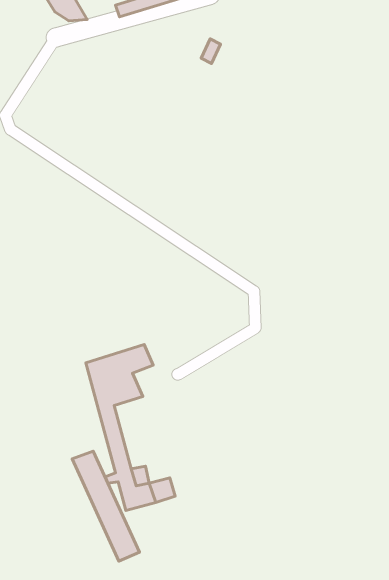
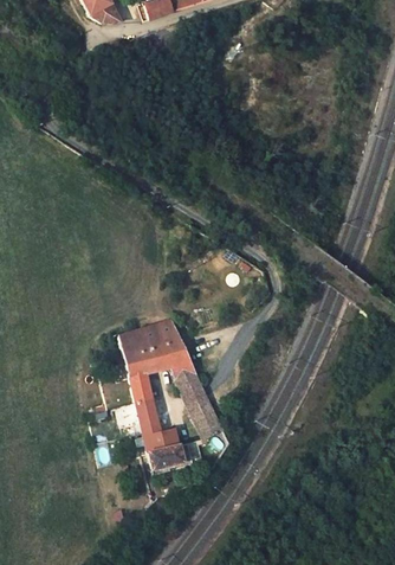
building: [72,451,140,561] -> [160,336,221,437]

